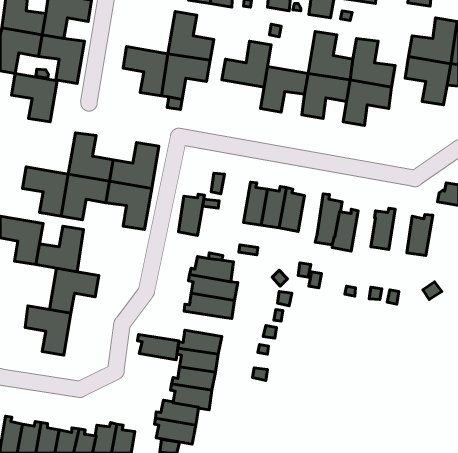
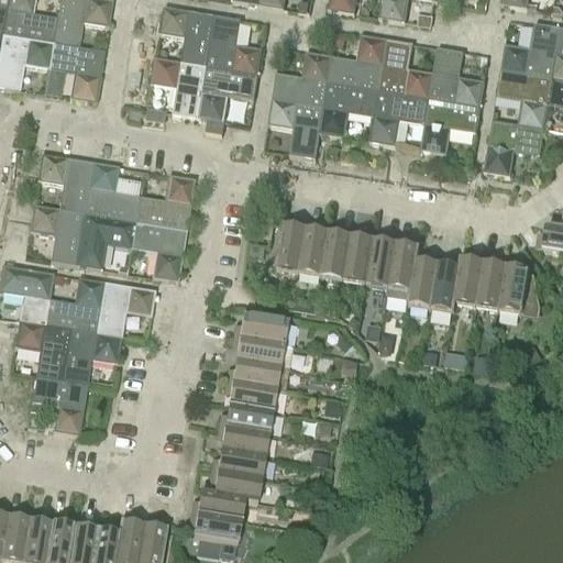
building: none -> [159,7,216,66]
building: none -> [329,34,387,90]
building: [11,74,57,122] -> [37,154,93,213]
building: none -> [268,98,324,158]
building: none -> [484,120,544,176]
building: none -> [366,236,397,287]
building: [179,194,205,235] -> [276,222,308,273]
building: none -> [477,256,506,310]
building: none -> [431,258,461,311]
building: none -> [96,282,155,338]
building: none -> [14,320,70,379]
building: [138,335,179,360] -> [225,382,276,412]

